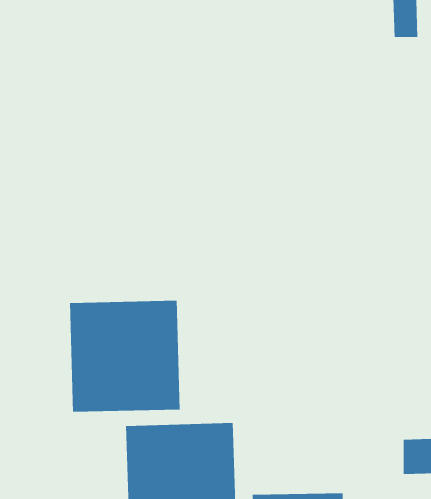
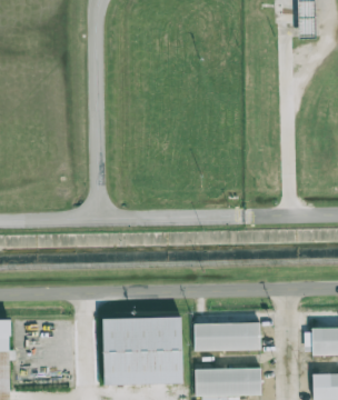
building: [70,300,180,413] -> none
building: none -> [195,323,260,351]

